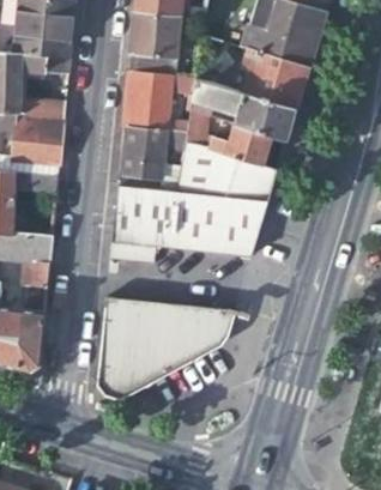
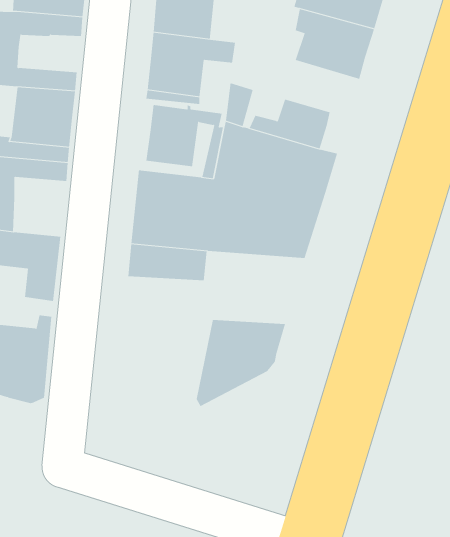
building: [192,79,296,140] -> none
building: [96,298,176,399] -> none

